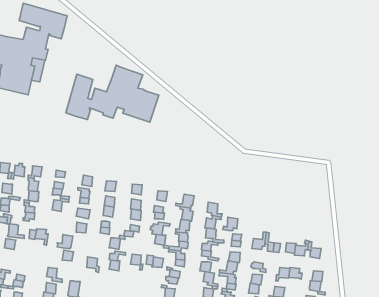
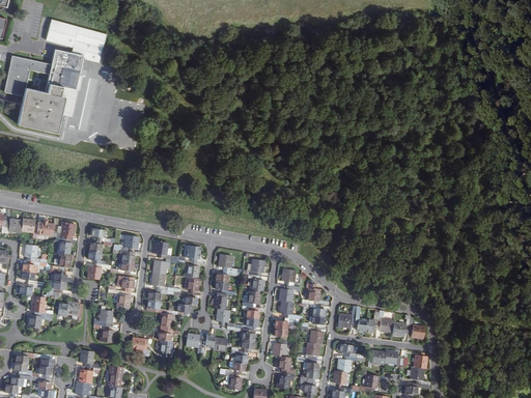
building: [66,65,159,122] -> none

